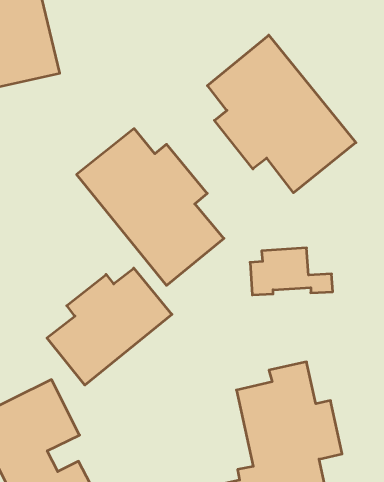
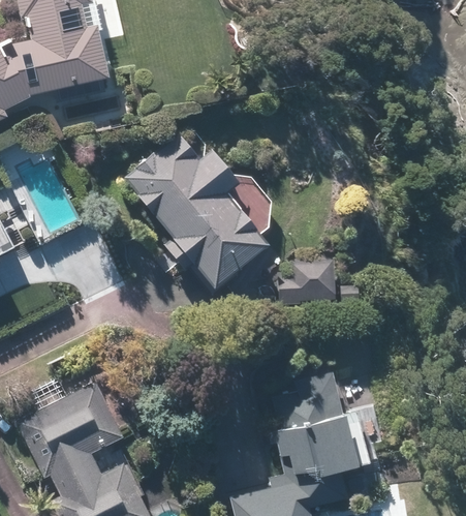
building: [207,35,356,193] -> none
building: [47,268,172,385] -> none

